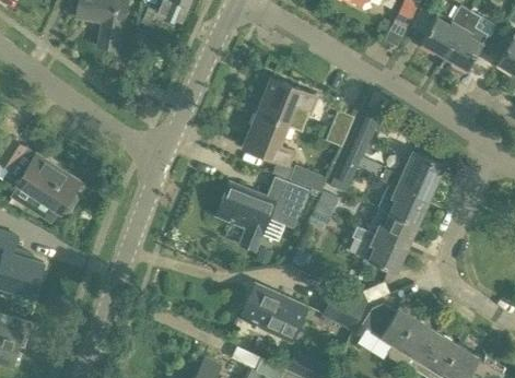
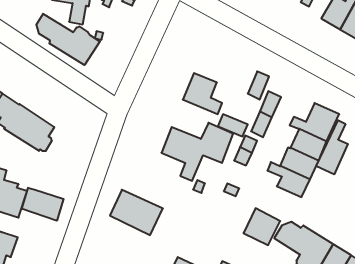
building: none -> [36,14,100,65]
building: [258,78,317,125] -> none
building: none -> [316,120,348,174]
building: none -> [22,188,64,221]
building: [241,284,308,342] -> [110,190,163,235]

